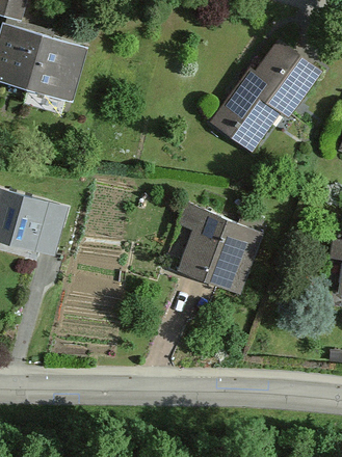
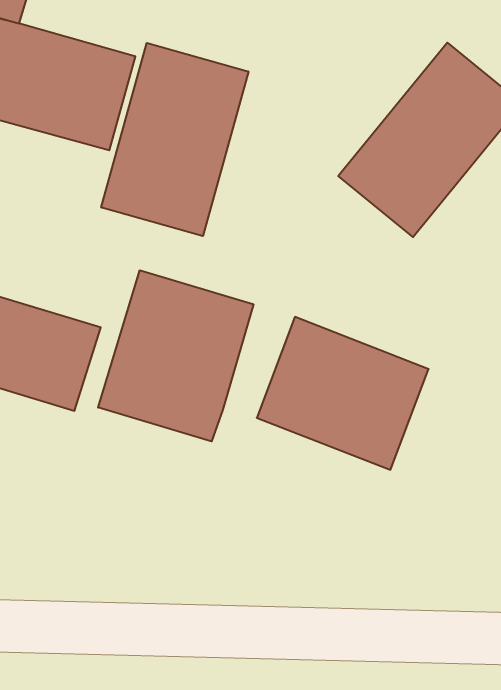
building: none -> [101,43,248,236]
building: none -> [98,270,253,441]

